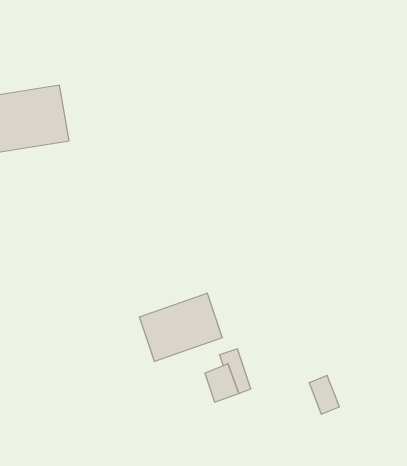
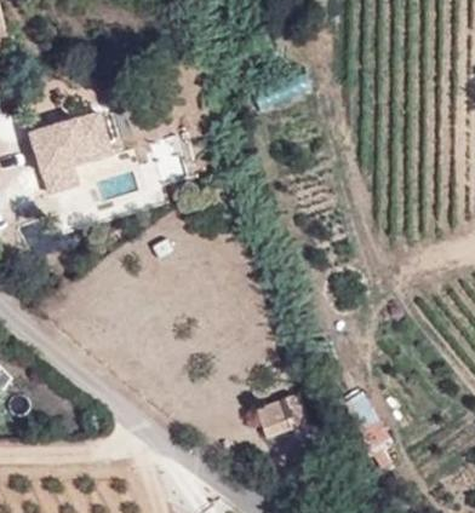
building: [139,293,222,361] -> none

